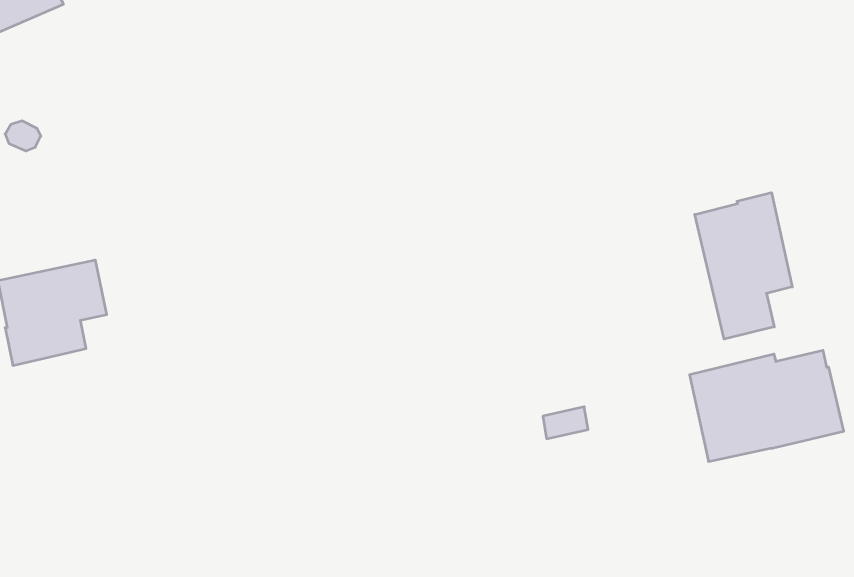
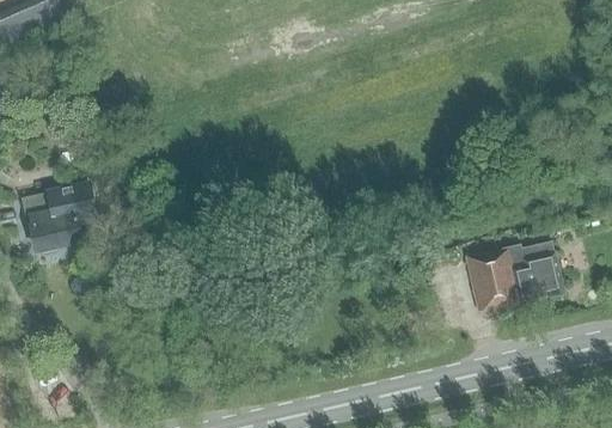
building: [695,193,792,339] -> none

